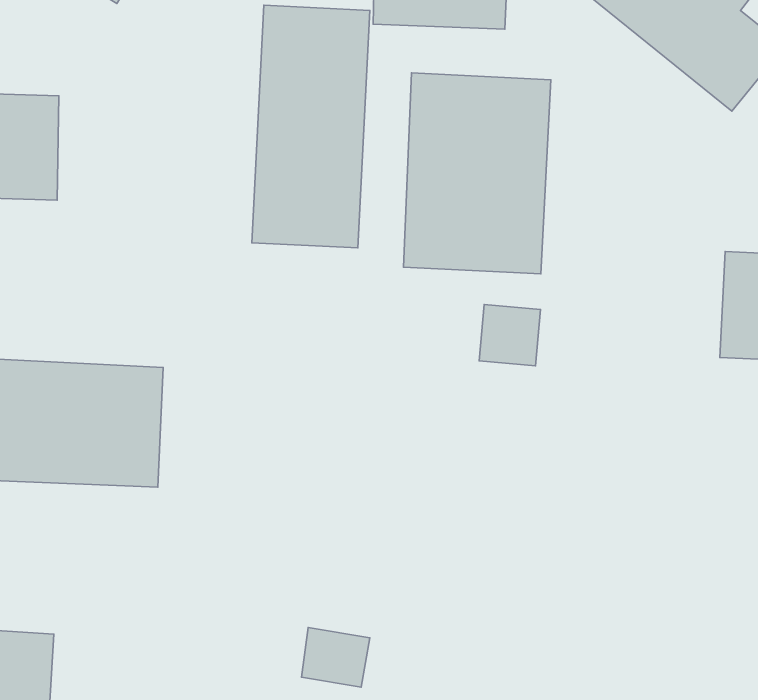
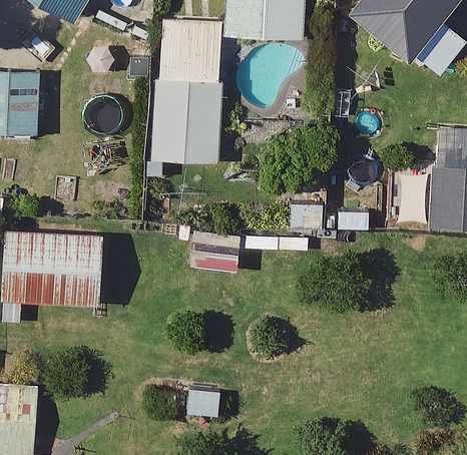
building: [403,73,551,274] -> none

